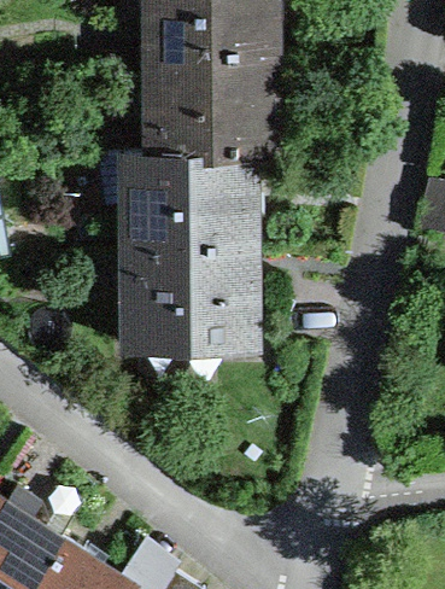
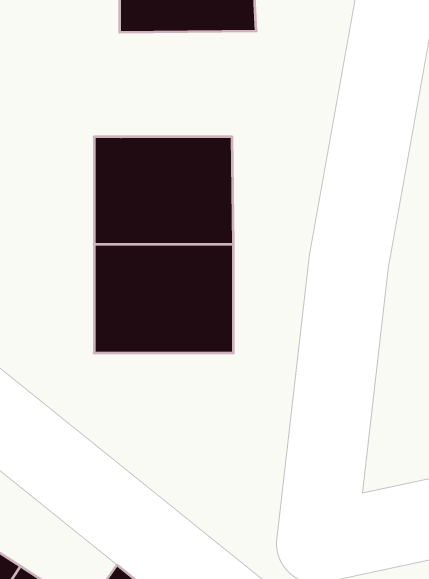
building: [152,58,275,153] -> none

